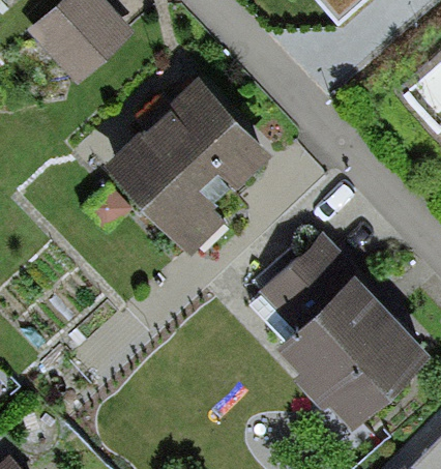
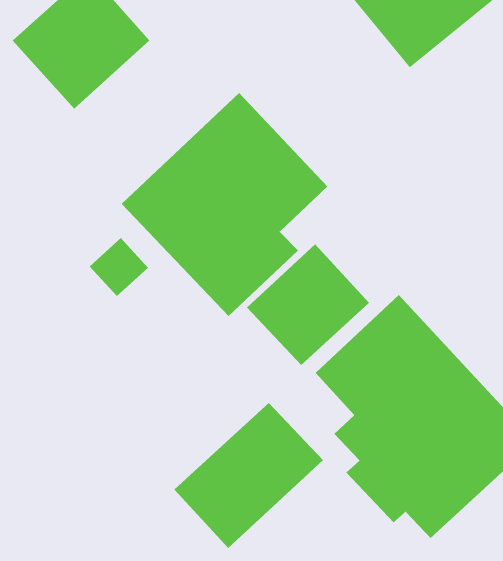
building: none -> [246,243,370,366]
building: none -> [174,402,324,549]

